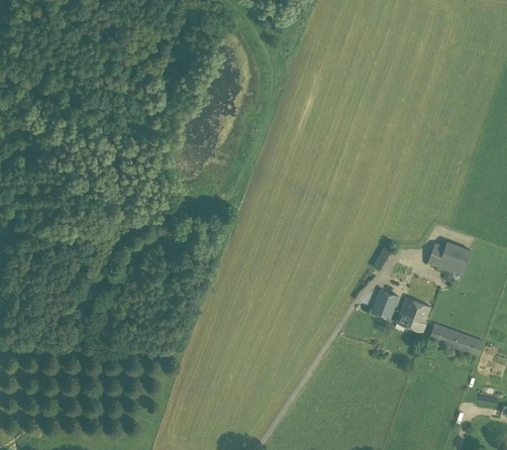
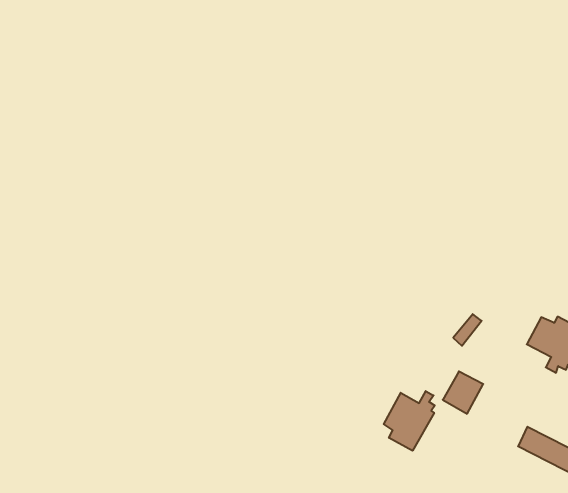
building: [396,298,430,332] -> none
building: none -> [384,391,435,451]

